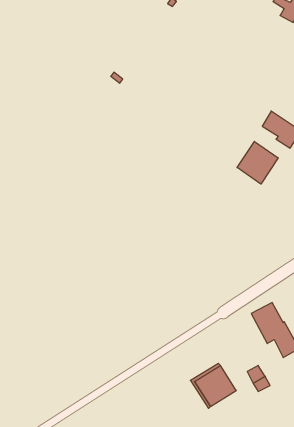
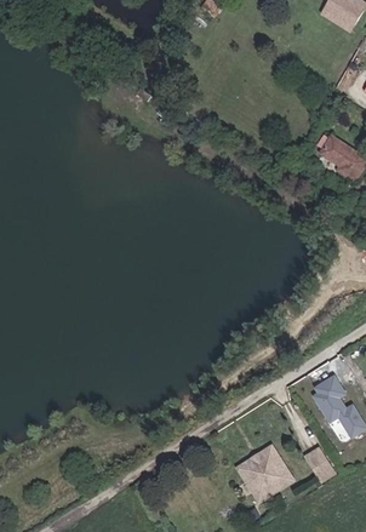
building: [237,141,278,184] -> none

